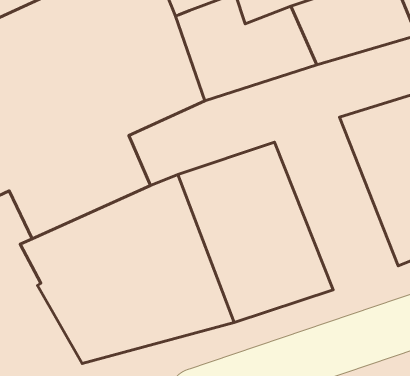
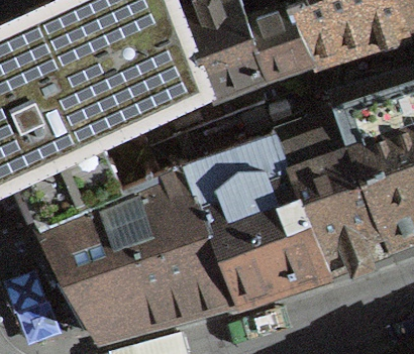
building: none -> [275,112,390,272]

